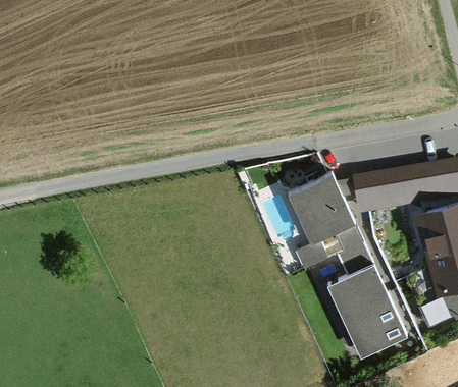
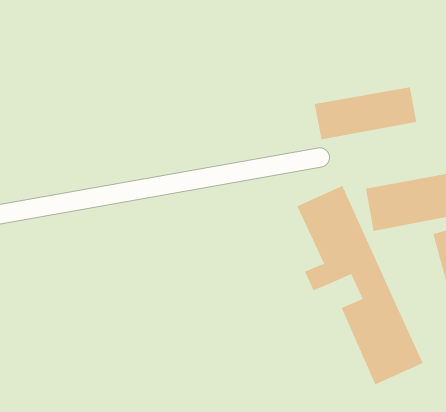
building: none -> [314,87,417,140]

